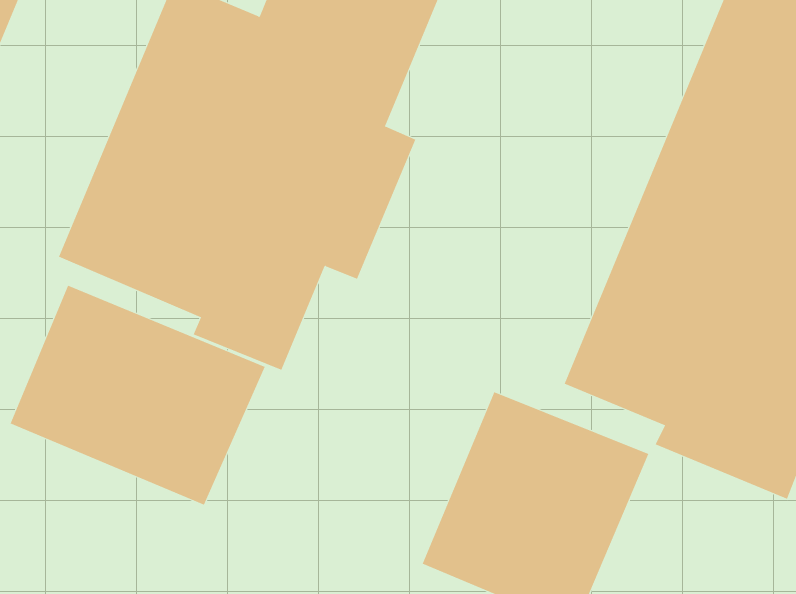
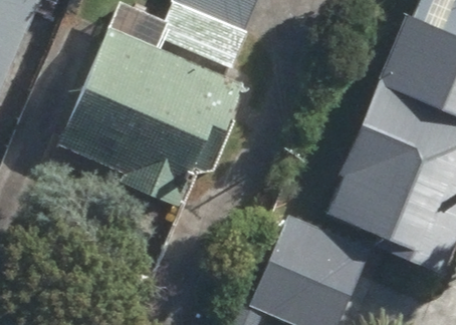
building: [10,285,265,506] -> none

